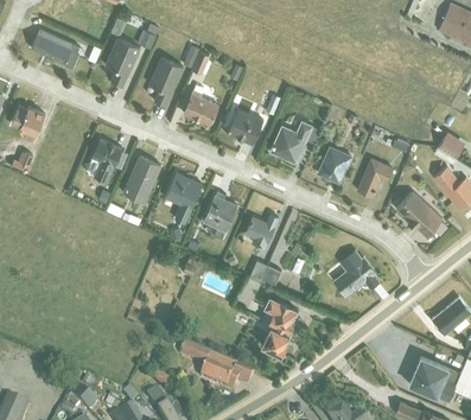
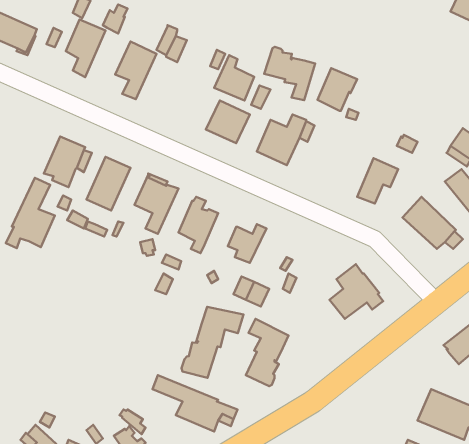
building: none -> [264,47,315,100]
building: [183,83,217,122] -> [214,55,254,100]
building: [318,144,352,180] -> [317,68,357,111]
building: none -> [6,178,55,248]
building: none -> [181,307,243,378]

